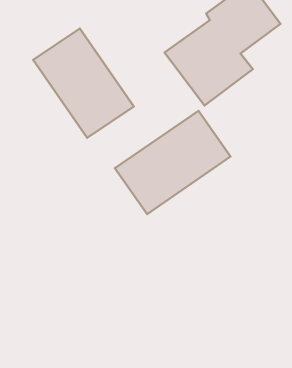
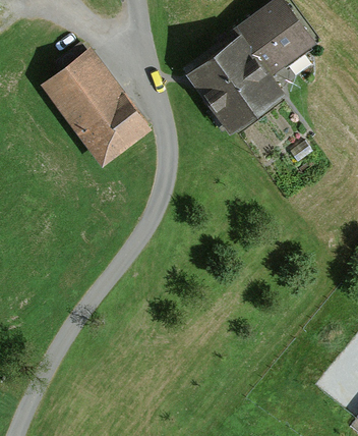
building: [115,111,231,214] -> none

